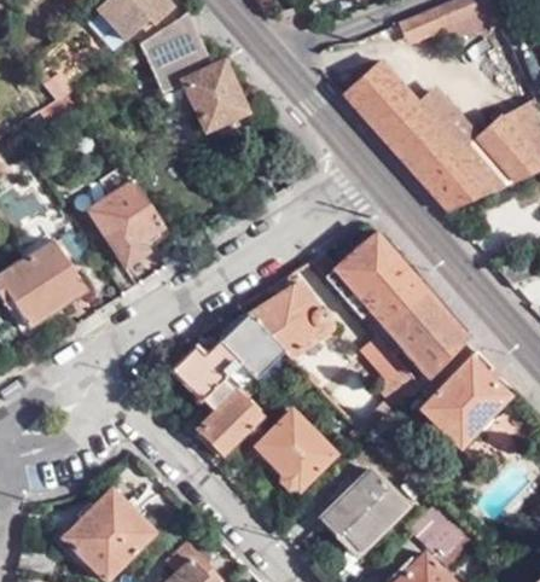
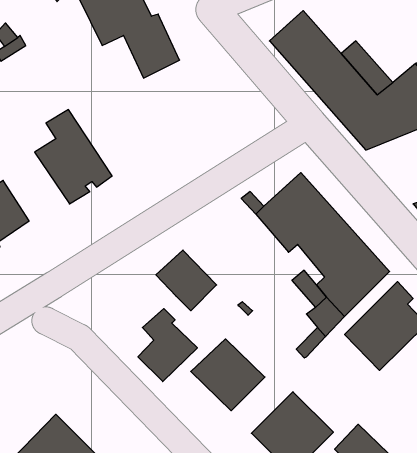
building: [248,283,336,360] -> none
building: [172,343,240,403] -> none

